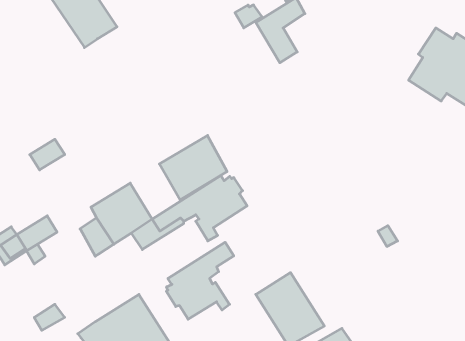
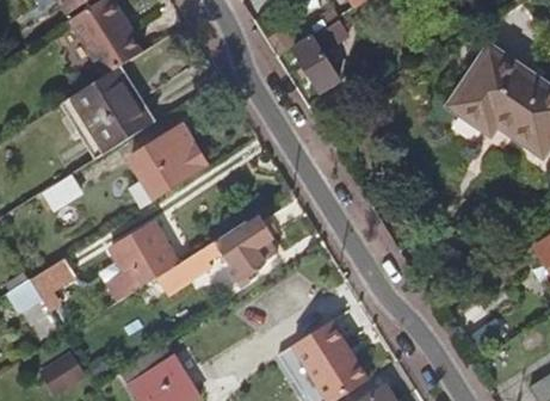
building: none -> [67,66,149,155]
building: [159,135,227,200] -> [131,125,205,196]
building: [166,242,234,319] -> none

